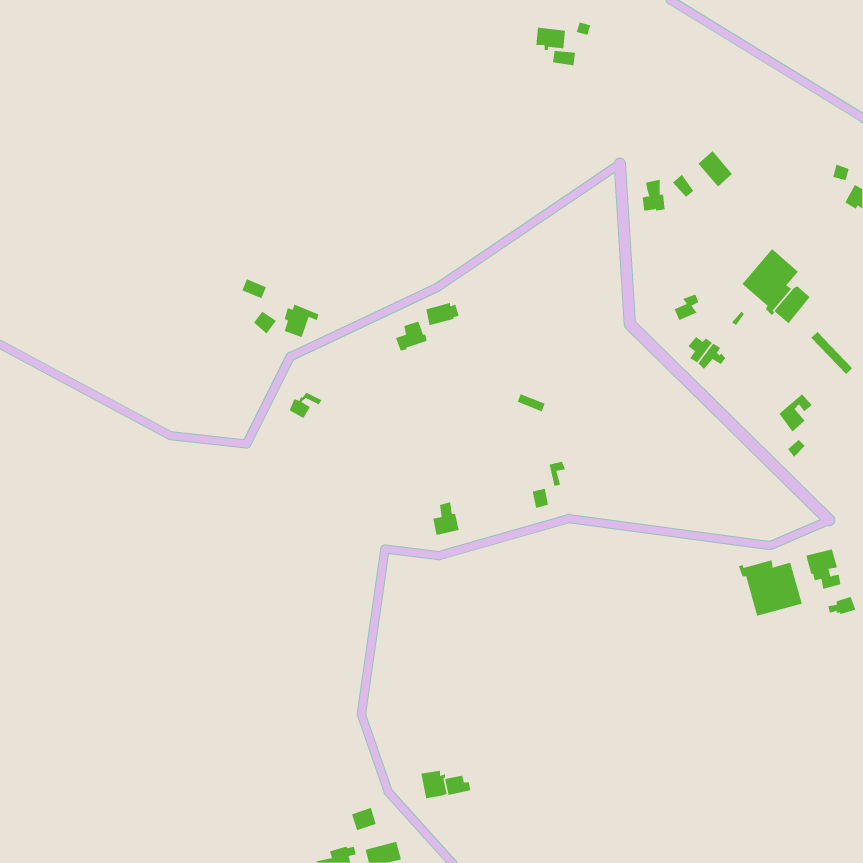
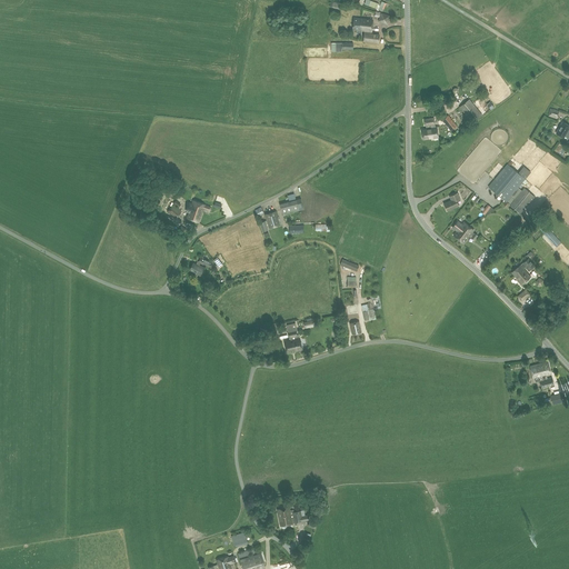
building: [738,560,802,616] -> none

